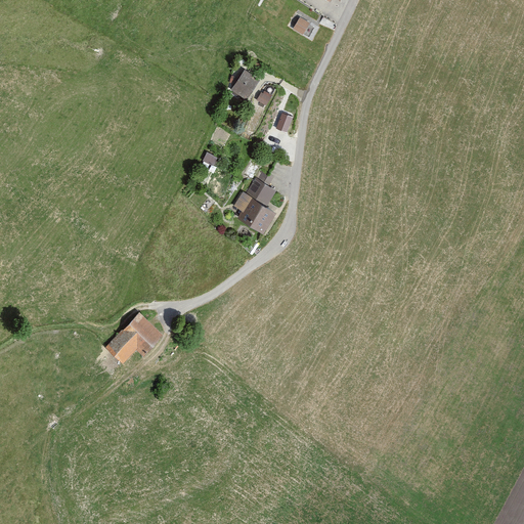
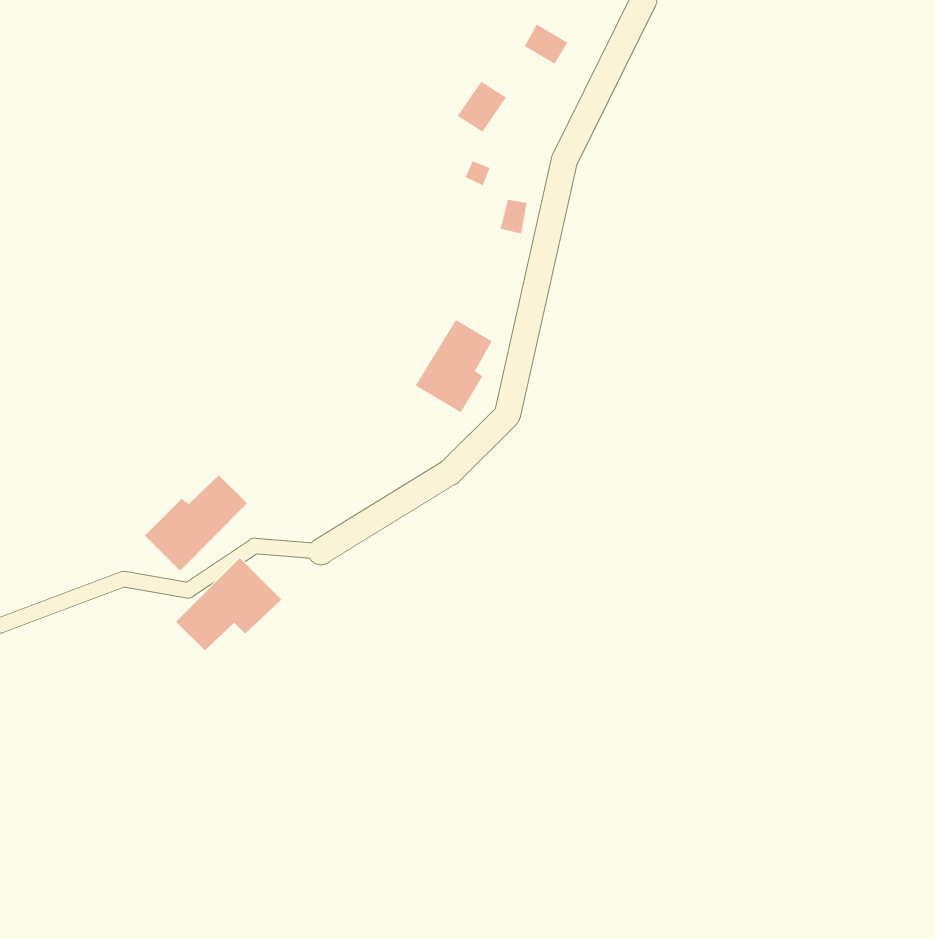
building: [230,70,258,98] -> [457,81,507,133]
building: none -> [144,474,248,572]

